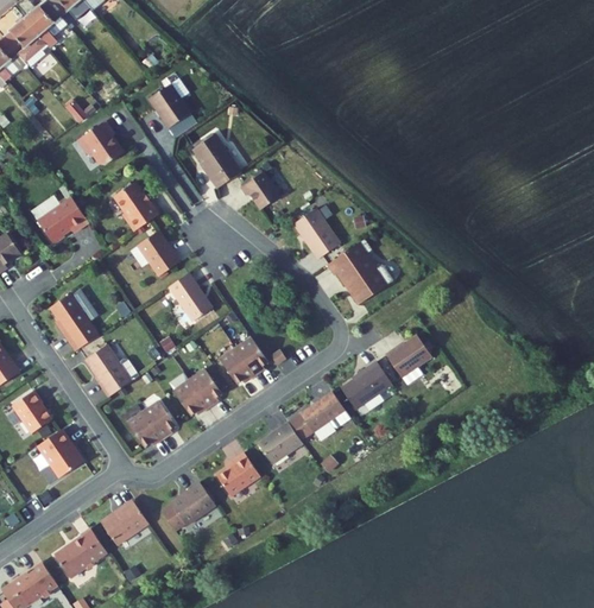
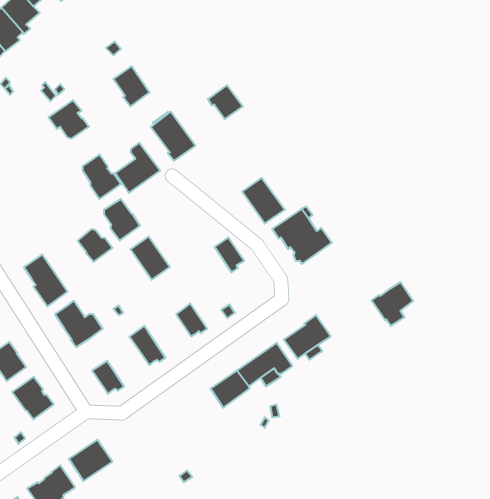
building: none -> [115,143,160,193]
building: [241,171,280,209] -> [208,85,243,119]
building: [37,196,89,242] -> none
building: none -> [78,229,112,262]
building: [385,334,431,382] -> [372,282,413,326]
building: [235,336,268,375] -> [214,237,244,272]
building: [189,368,221,407] -> none
building: [143,400,176,439] -> none
building: [216,451,259,495] -> none
building: [160,481,215,530] -> none

